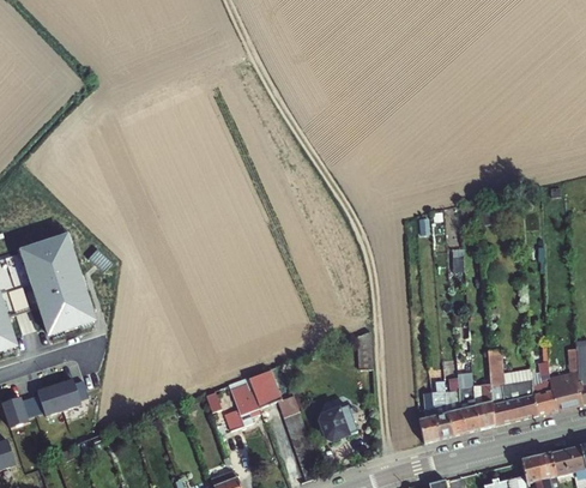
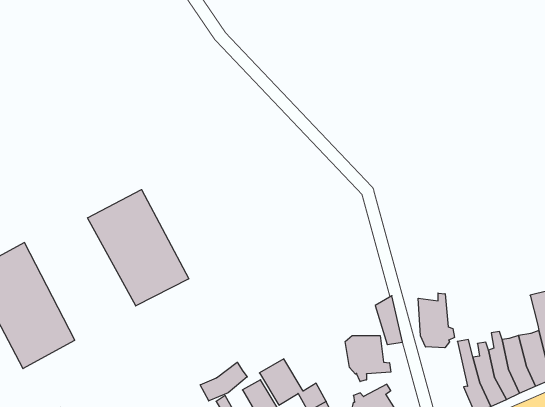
building: none -> [88,190,189,306]
building: none -> [418,293,455,348]
building: none -> [345,336,391,382]
building: none -> [200,362,247,401]

